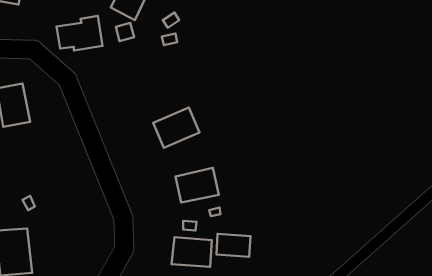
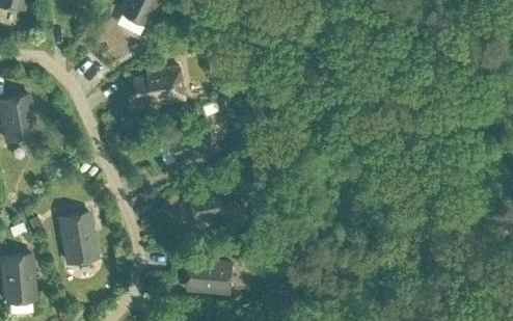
building: [56,16,103,51] -> [135,69,185,106]
building: none -> [56,211,99,264]
building: [217,234,251,257] -> none

